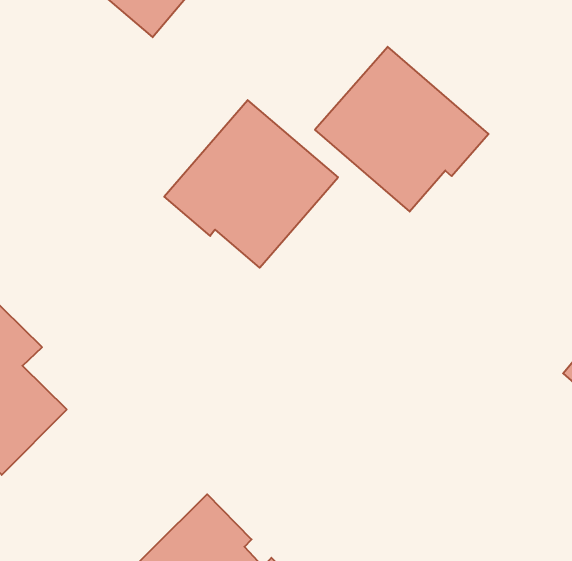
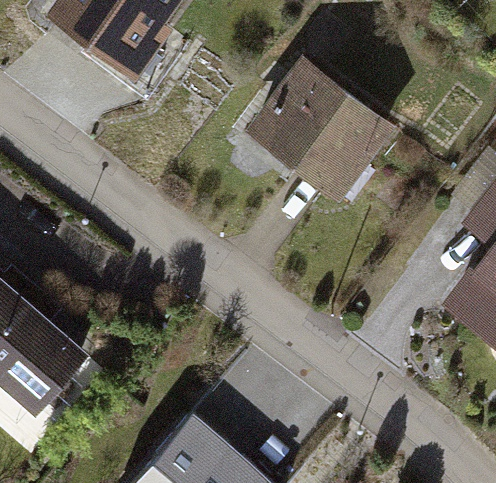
building: [164,100,338,268] -> none

